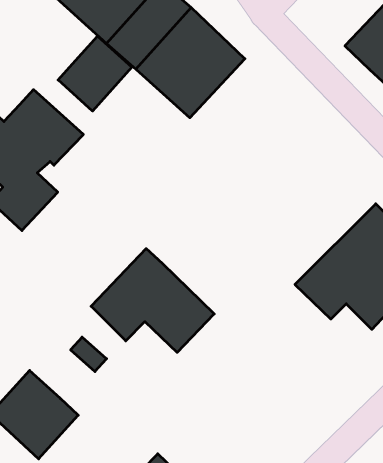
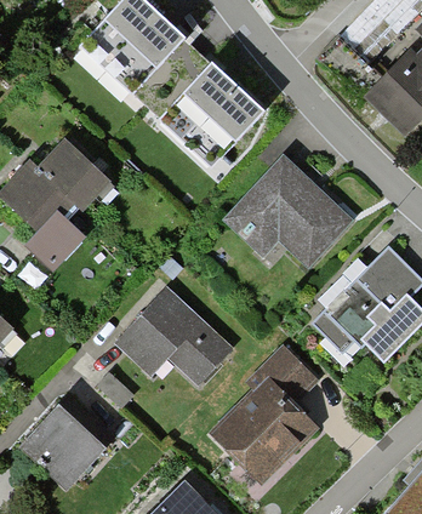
building: [58,36,132,111] -> none
building: none -> [224,154,353,265]
building: none -> [209,343,319,485]

